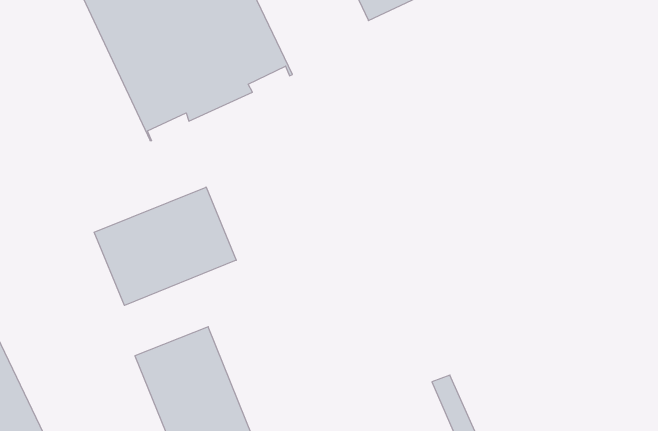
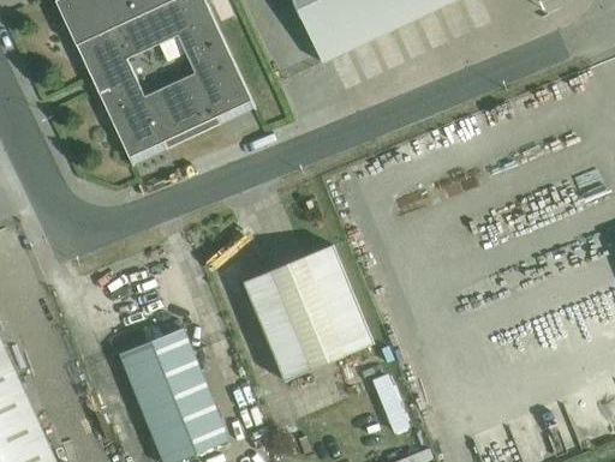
building: [94,187,236,305] -> none
building: none -> [243,245,374,380]

